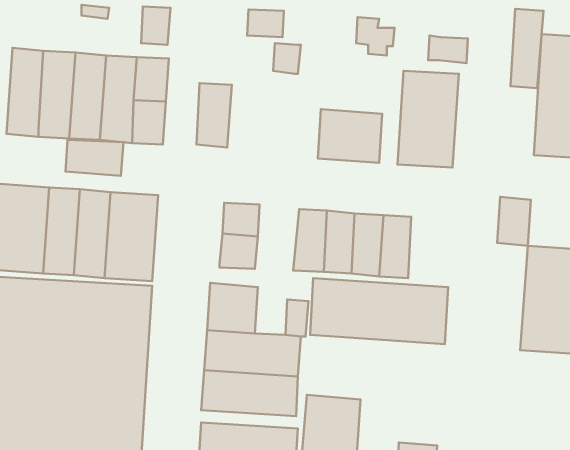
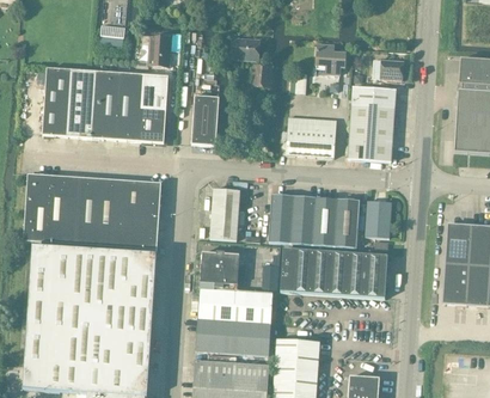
building: [510,9,543,88] -> none
building: [65,140,123,176] -> none
building: [497,197,531,246] -> [365,198,391,237]

